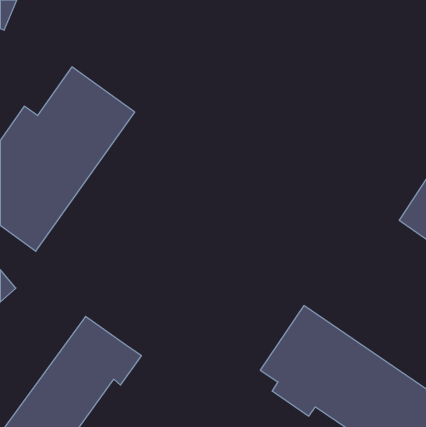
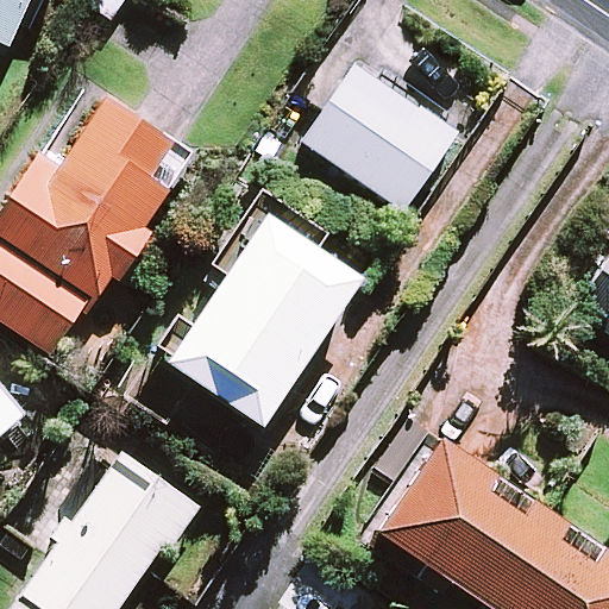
building: none -> [303,67,454,211]
building: none -> [169,194,365,421]

